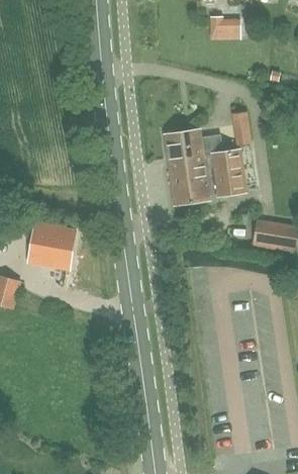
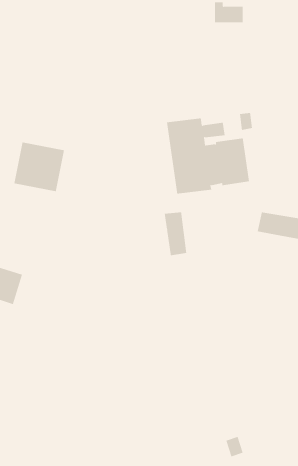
building: none -> [164,212,187,256]
building: [25,221,75,270] -> [14,142,65,192]

